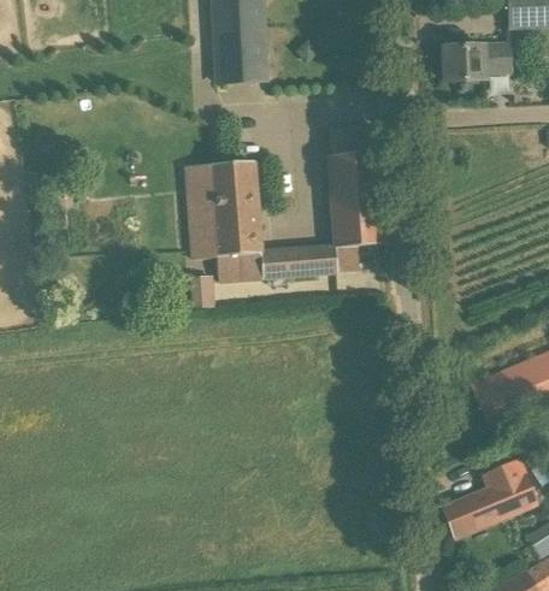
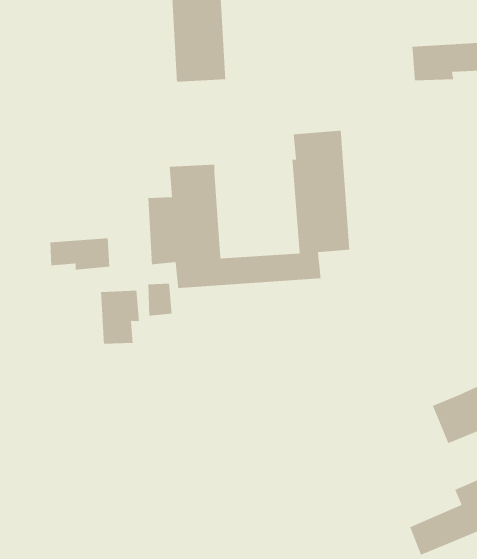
building: none -> [50,237,110,271]
building: none -> [100,290,140,344]

